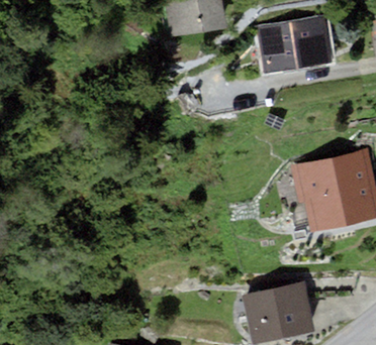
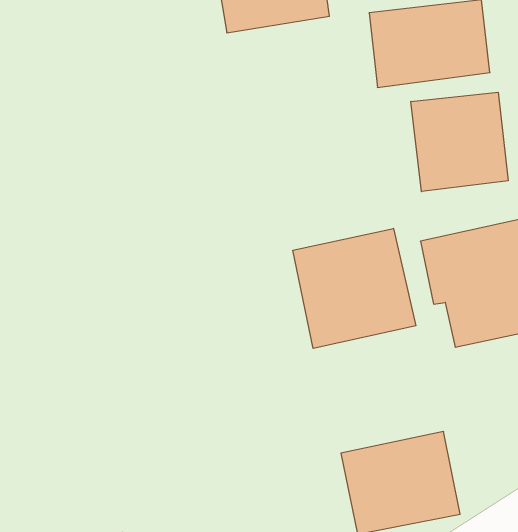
building: none -> [411,92,508,192]
building: none -> [293,228,416,348]

